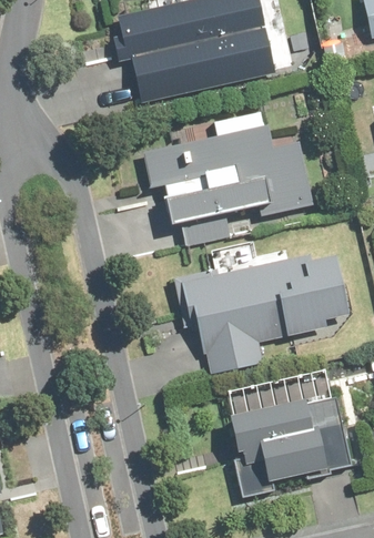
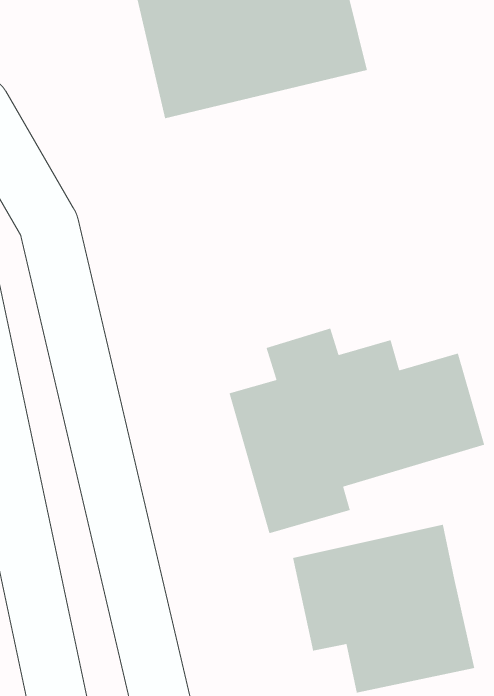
building: [145,123,316,225] -> none

